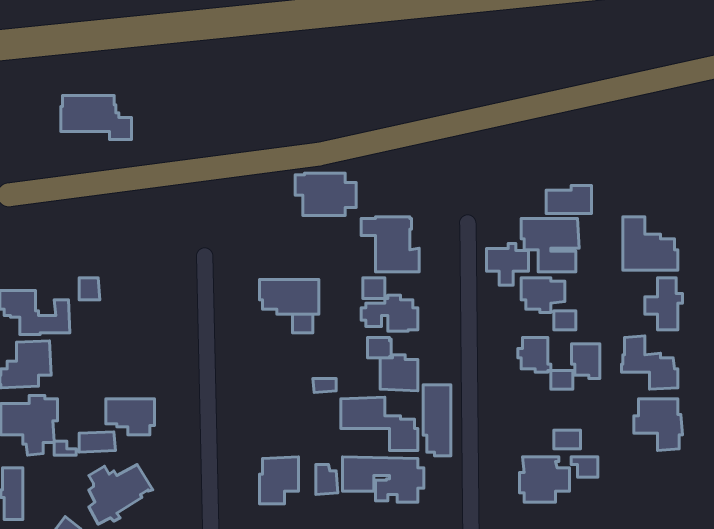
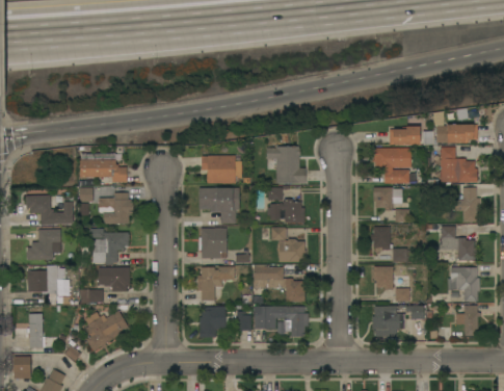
building: [61,95,131,139] -> [80,153,127,182]
building: [295,173,356,215] -> [202,155,242,183]
building: none -> [437,124,478,142]
building: [487,243,529,285] -> none
building: none -> [99,192,134,224]
building: none -> [198,228,227,258]
building: none -> [89,229,130,264]
building: [572,344,600,378] -> [374,266,393,289]
building: [423,385,451,456] -> none
building: none -> [197,266,235,301]
building: none -> [456,306,481,336]

